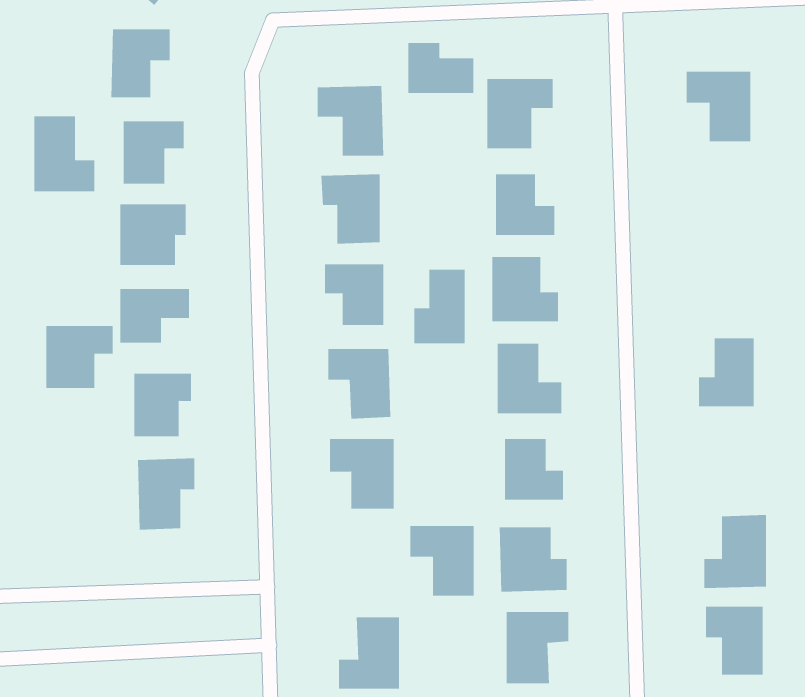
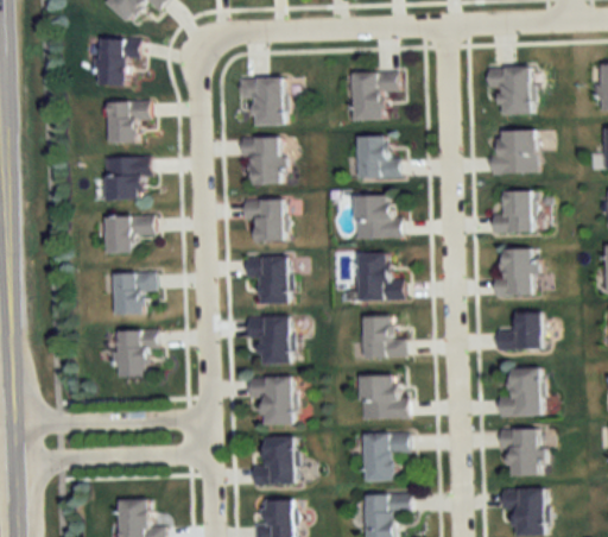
building: [408,42,474,94] -> none
building: [34,115,95,192] -> none
building: none -> [489,132,534,175]
building: none -> [492,190,531,232]
building: [414,269,465,344] -> none
building: [46,325,113,389] -> none
building: none -> [496,312,540,349]
building: [409,525,475,596] -> [248,377,292,424]

